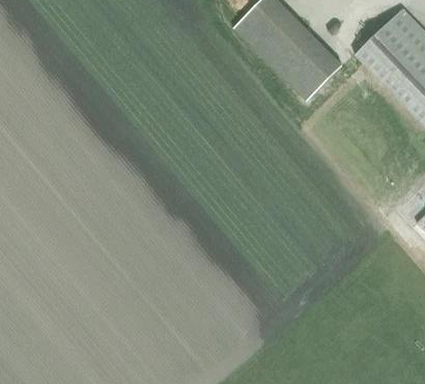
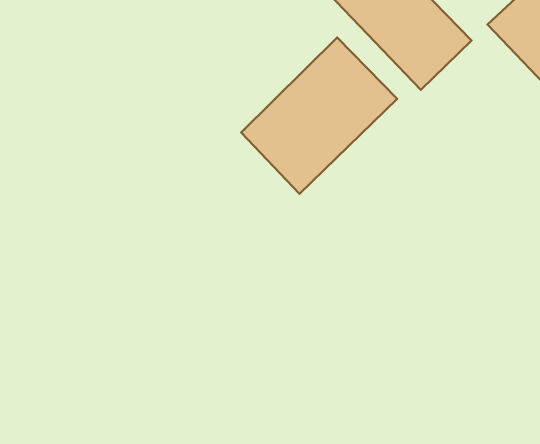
building: none -> [241,37,397,194]

